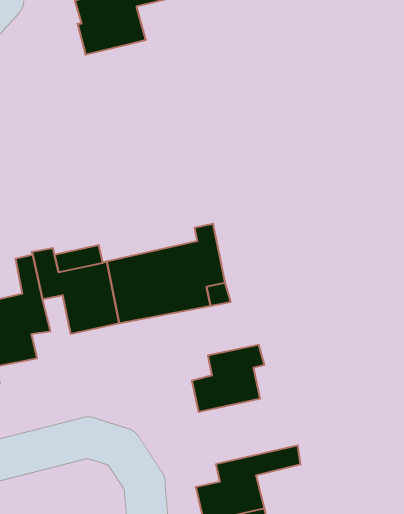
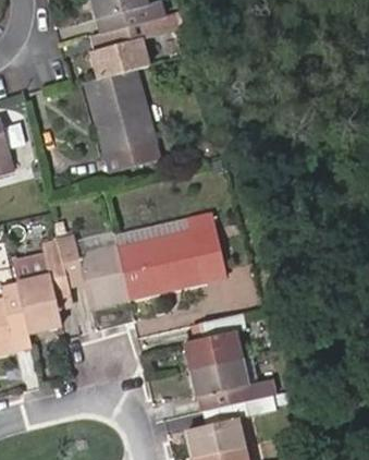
building: none -> [85,70,159,167]
building: none -> [190,358,273,408]

